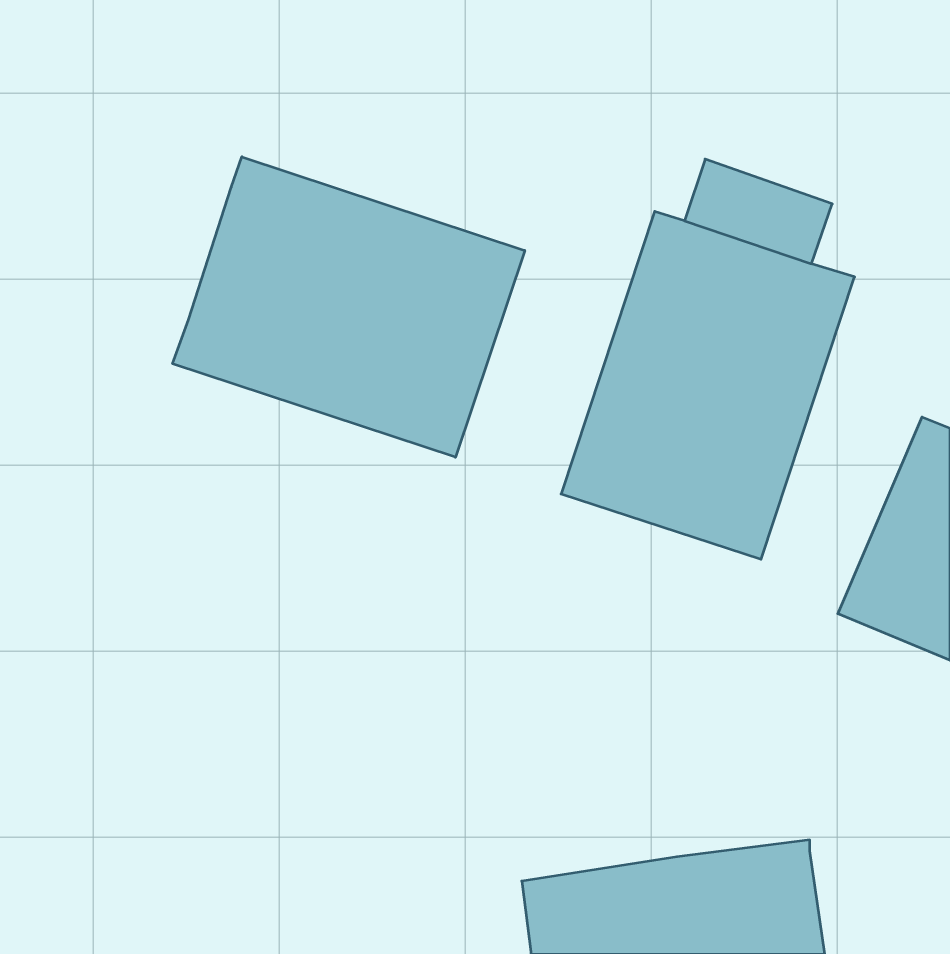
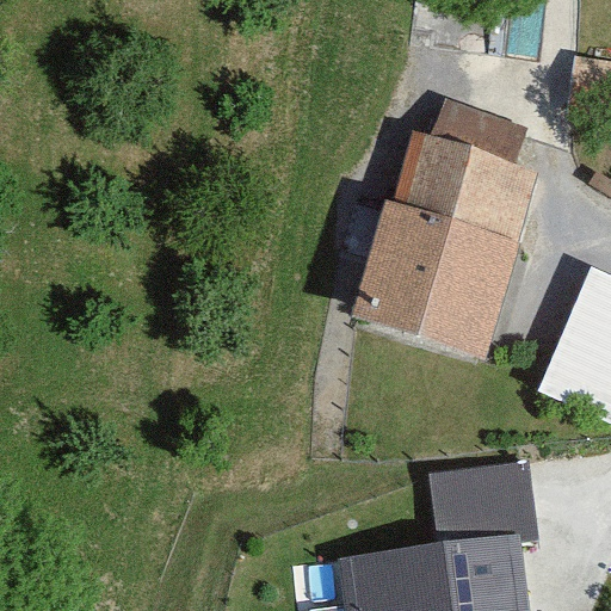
building: [173,157,525,457] -> none
building: none -> [422,461,536,547]

